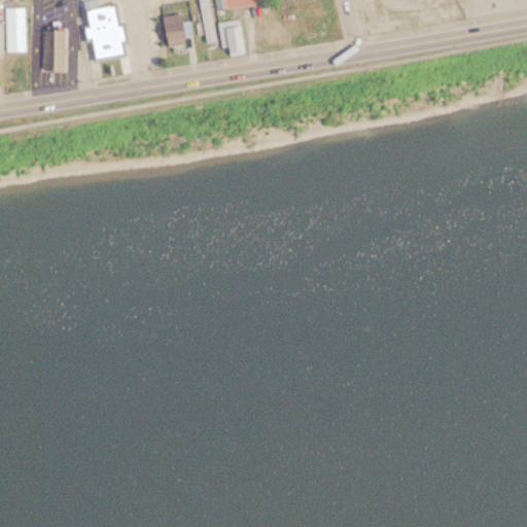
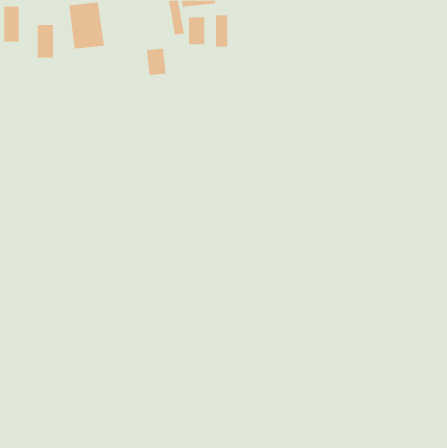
building: [161,14,184,46] -> [146,48,166,75]
building: none -> [215,15,228,48]

